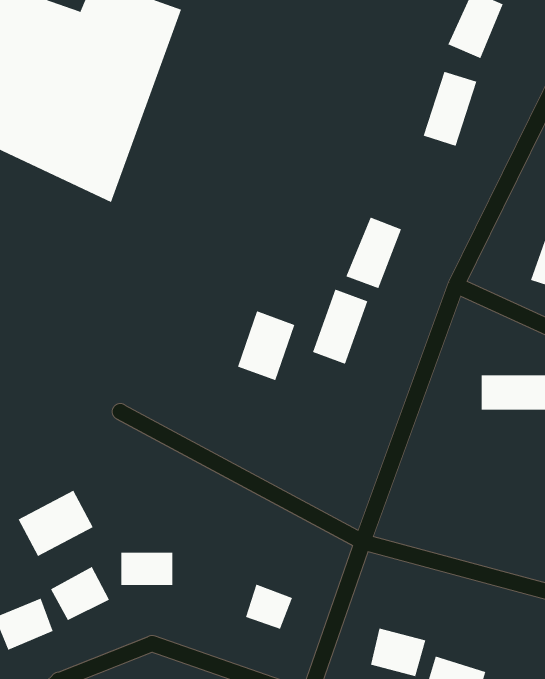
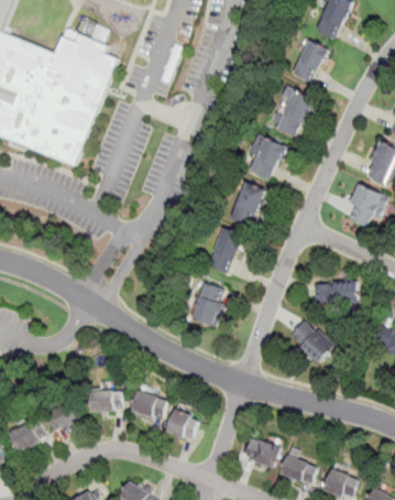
building: none -> [248,137,287,181]
building: [237,311,295,381] -> [190,283,227,327]
building: none -> [288,318,334,363]
building: [18,490,94,557] -> none
building: none -> [130,391,167,421]

